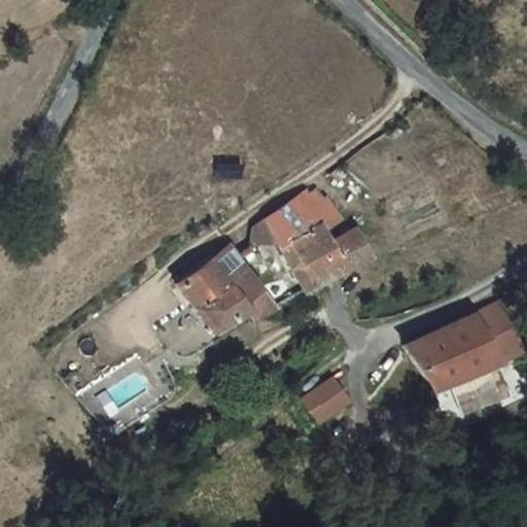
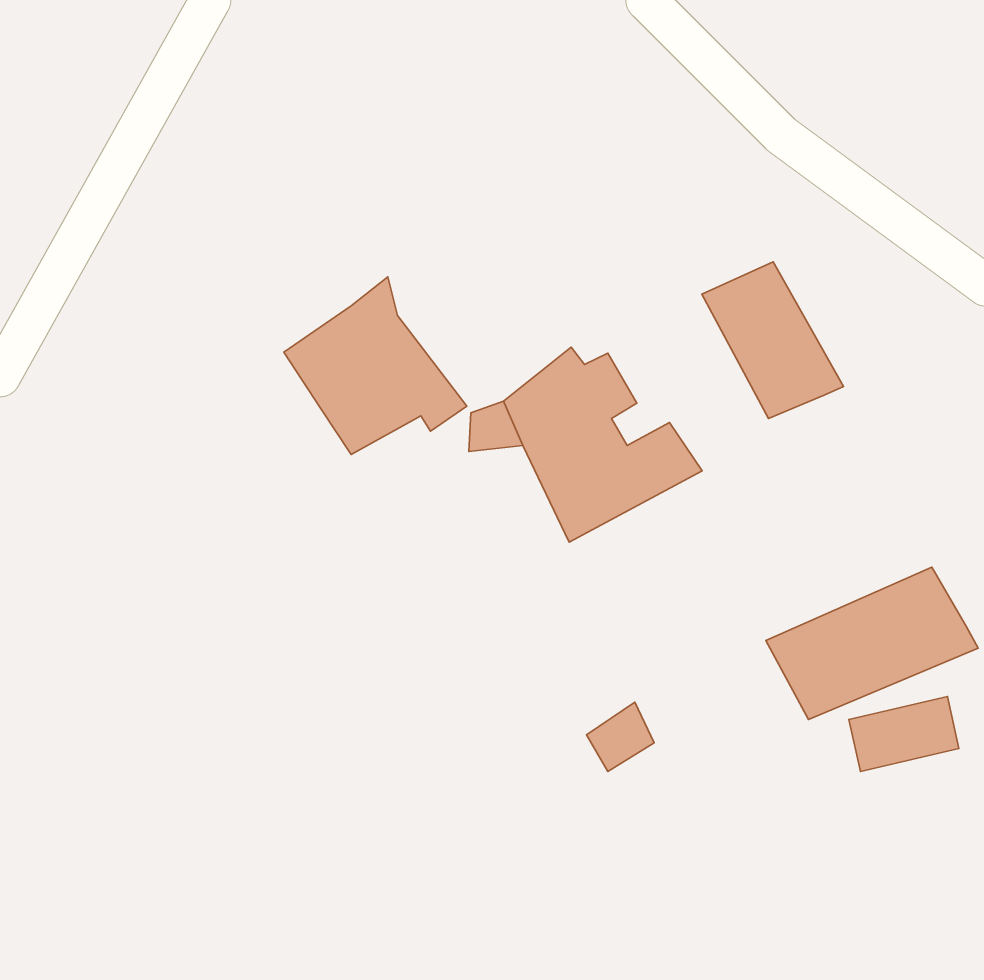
building: none -> [702,262,843,418]
building: [176,240,274,335] -> [284,277,467,454]

